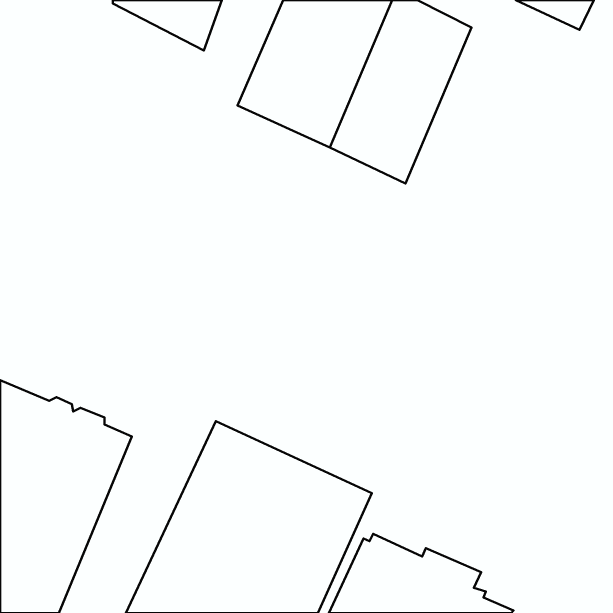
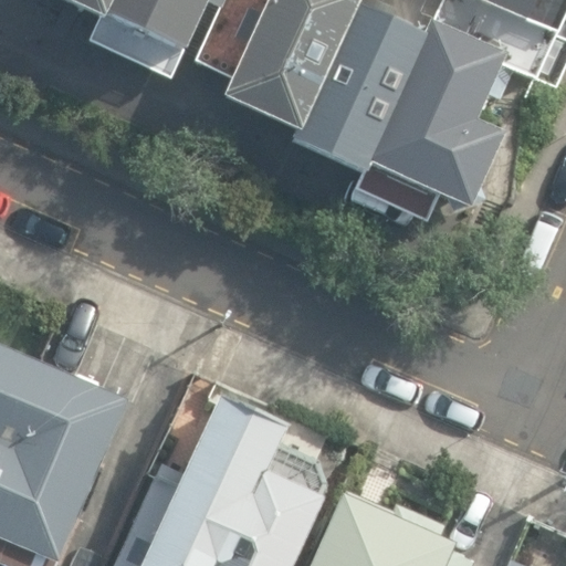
building: none -> [374,25,507,212]

